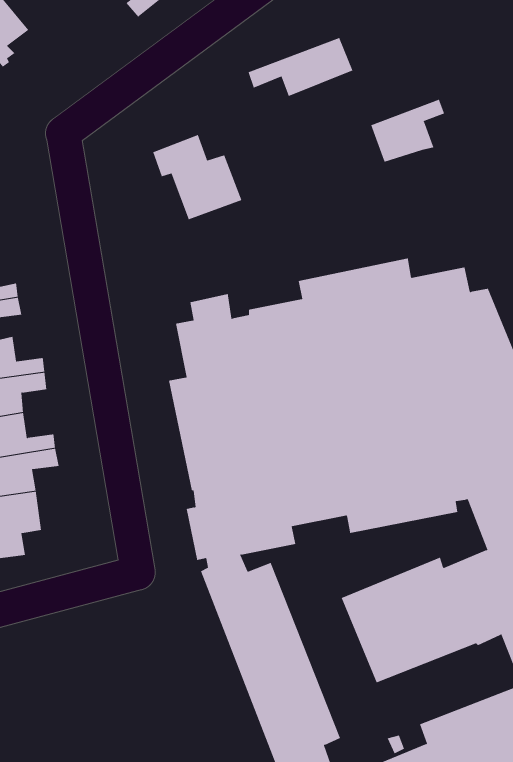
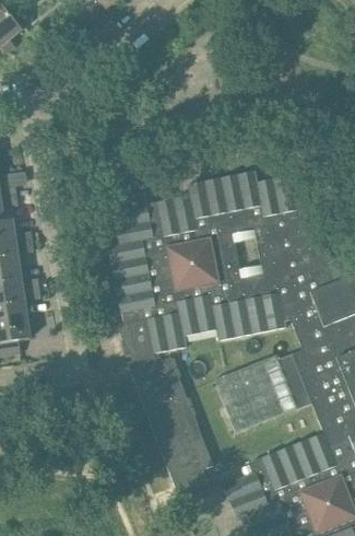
building: [248,37,353,97] -> none
building: [370,99,445,162] -> none
building: [153,134,242,220] -> none

